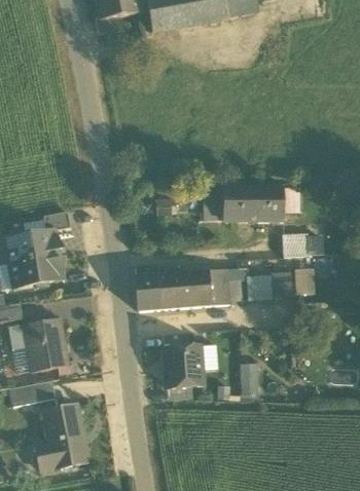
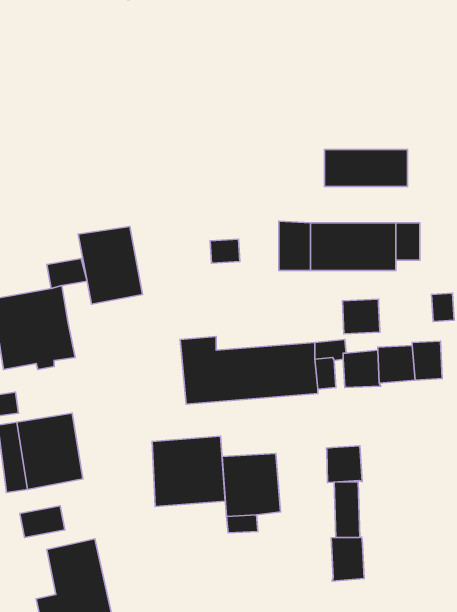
building: none -> [325,150,407,186]
building: none -> [78,226,143,304]
building: [283,233,309,257] -> [342,299,380,334]
building: none -> [152,436,225,507]
building: none -> [327,446,362,482]
building: none -> [331,537,364,581]

